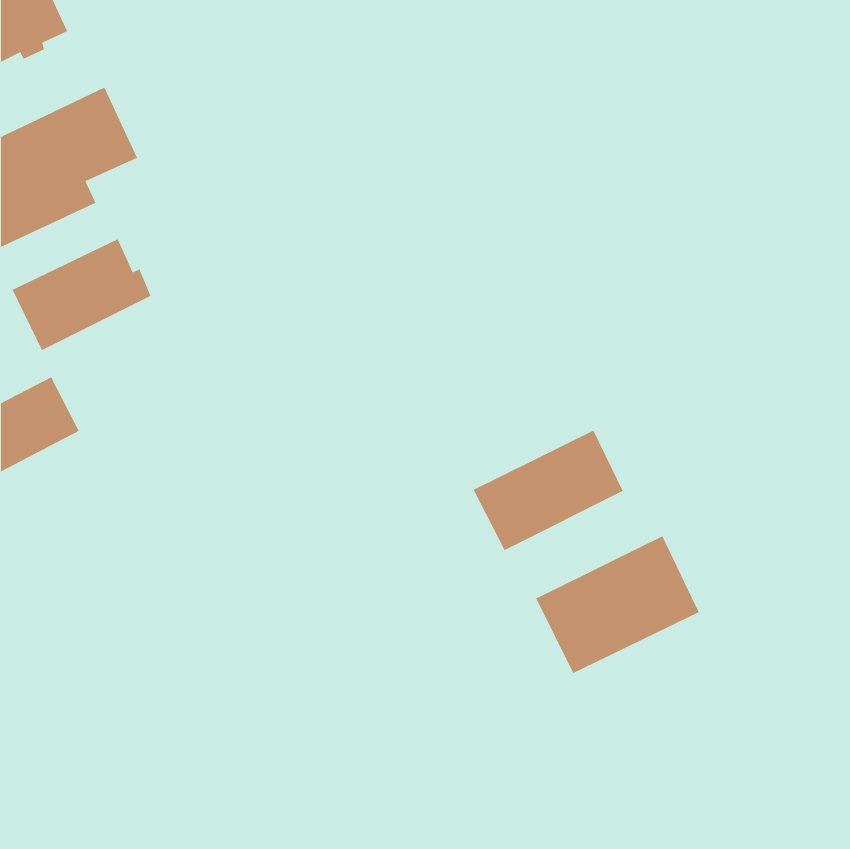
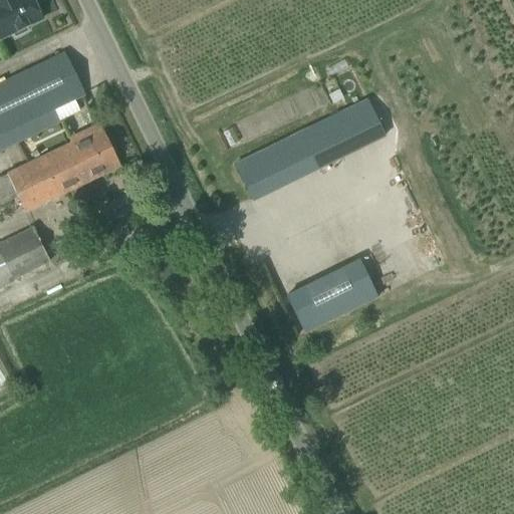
building: none -> [234,99,384,200]
building: none -> [71,130,117,179]
building: [535,535,700,674] -> none

